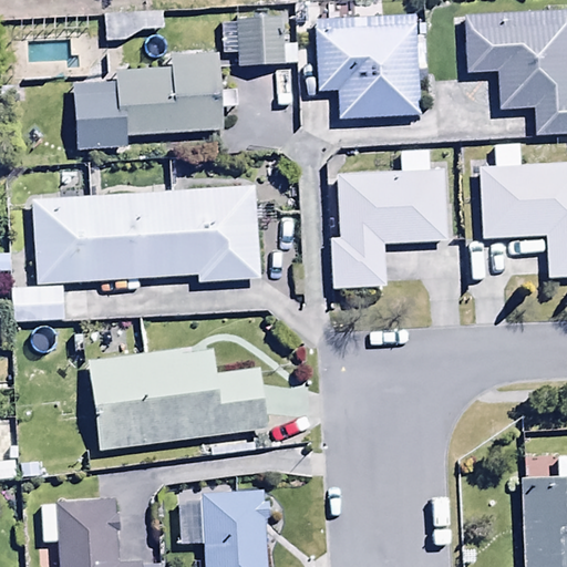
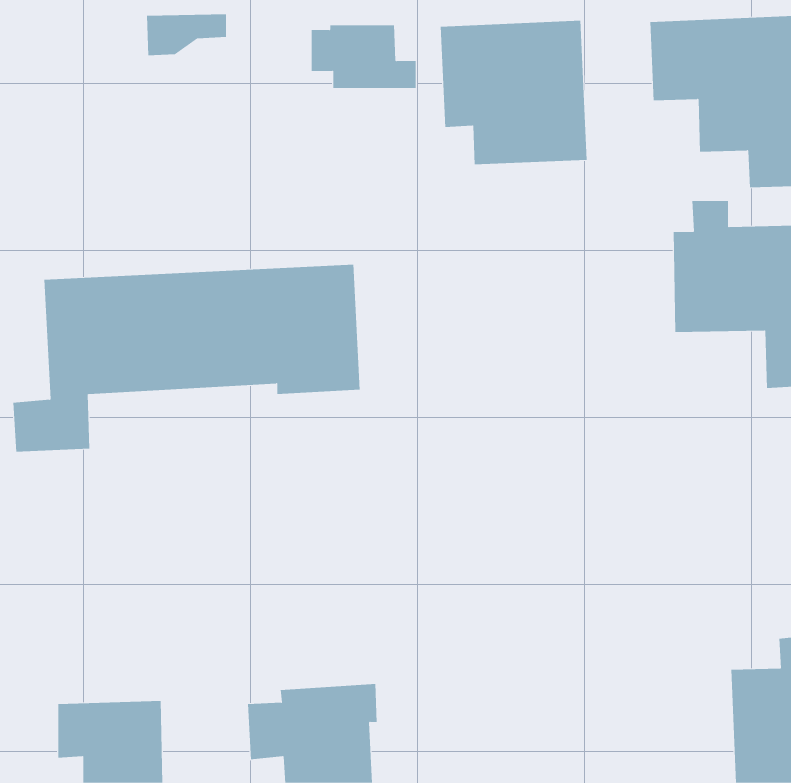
building: [75,54,224,151] -> none
building: [331,150,450,289] -> none
building: [87,346,269,450] -> none

